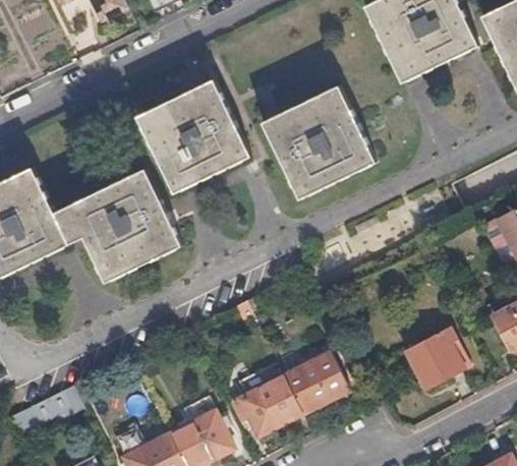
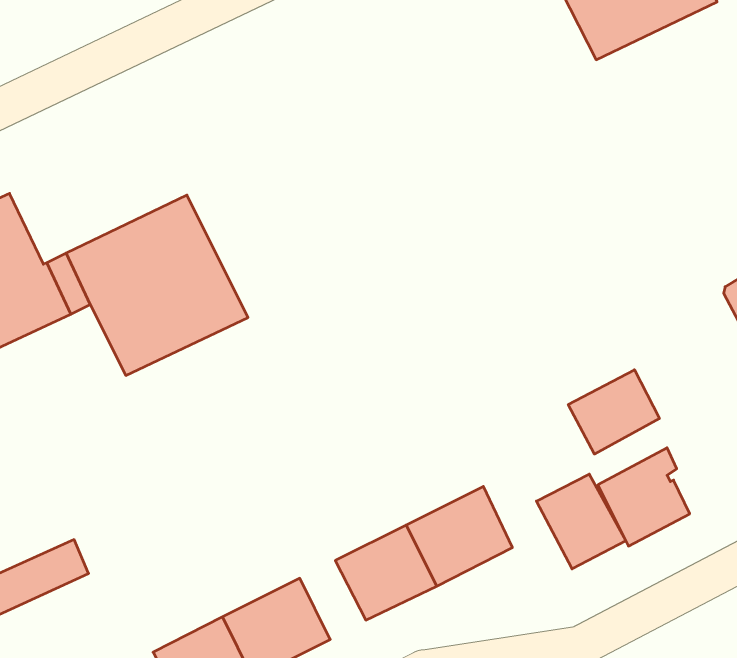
building: [136,77,250,191] -> none
building: [263,83,377,198] -> none
building: none -> [568,370,659,454]
building: none -> [536,474,626,569]

